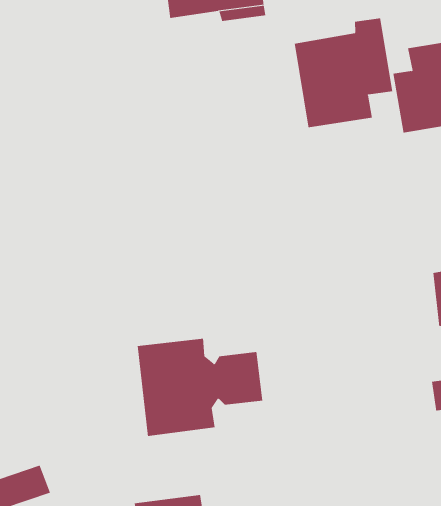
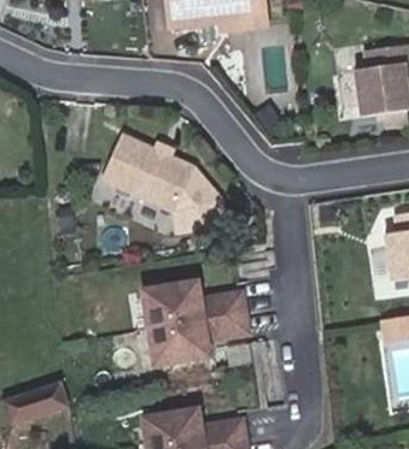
building: [294,18,393,128] -> none
building: none -> [98,136,234,231]

